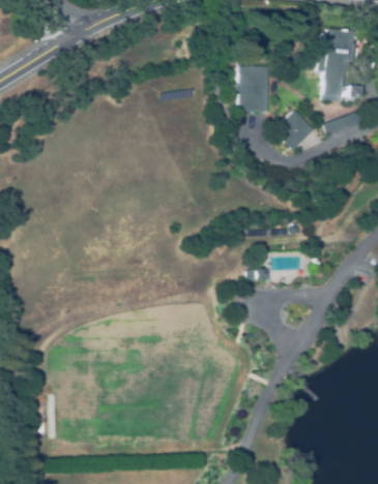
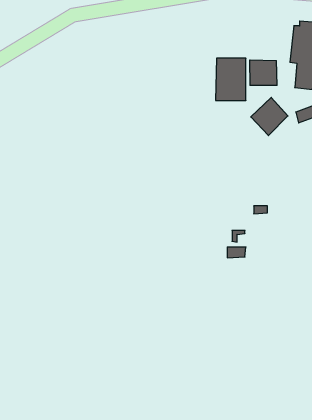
building: none -> [250,60,277,85]

